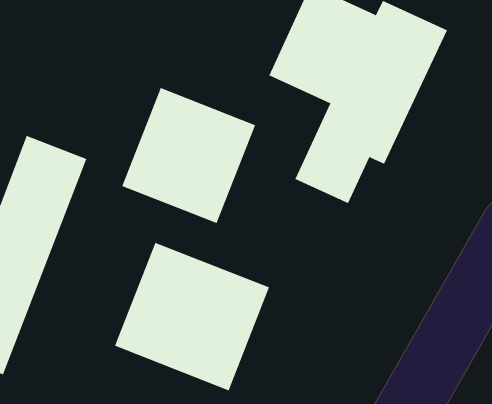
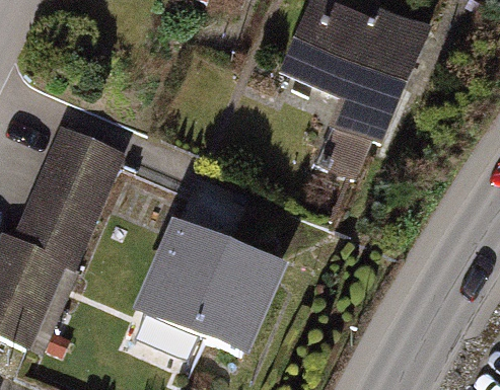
building: [121,87,256,224] -> none

